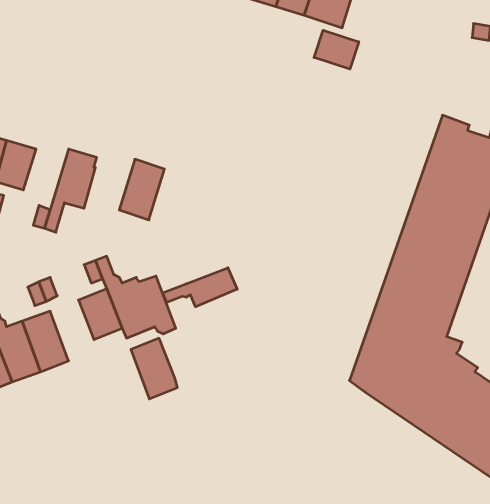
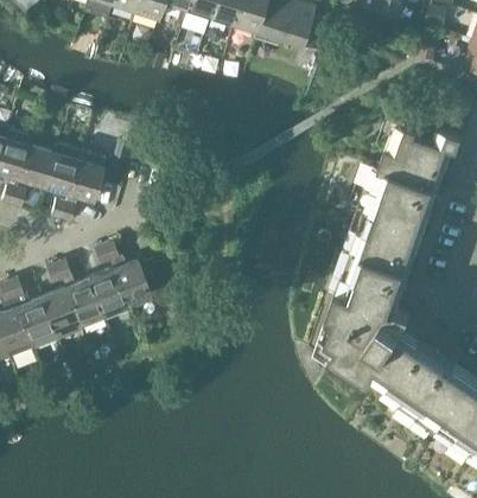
building: [314,30,359,69] -> none
building: [119,159,164,220] -> [42,143,80,194]
building: [162,268,237,307] -> none
building: [131,338,177,399] -> [64,279,103,330]

